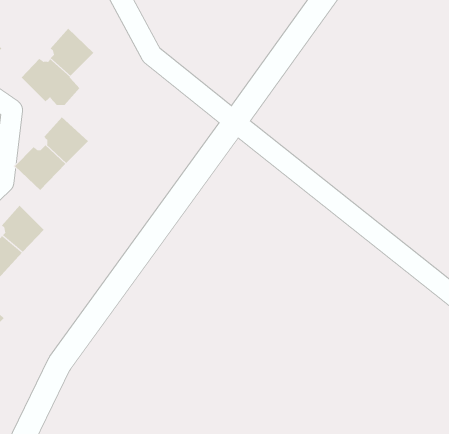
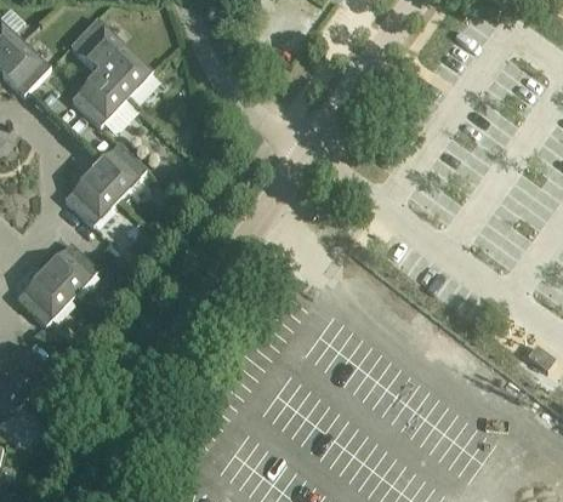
building: none -> [69,18,124,67]

